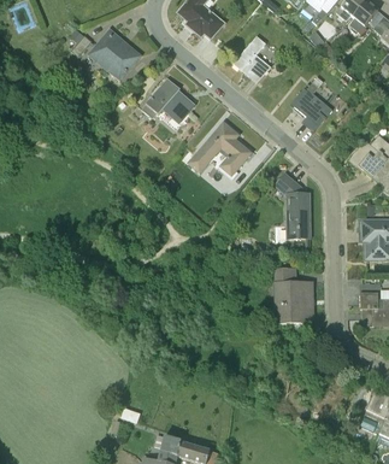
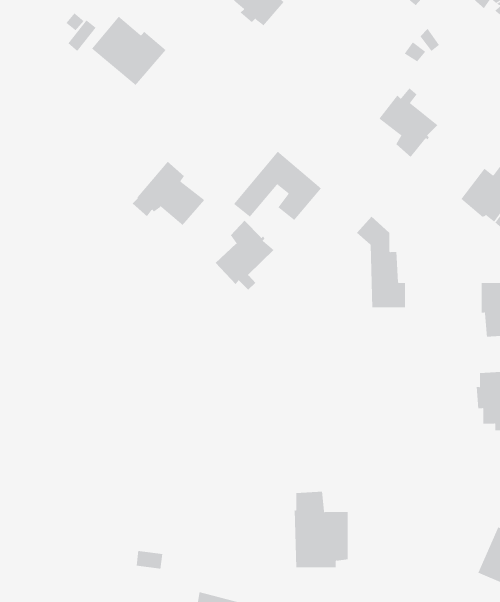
building: [231,34,271,82] -> none
building: [142,76,194,122] -> [132,161,205,226]
building: none -> [215,220,275,291]
building: [273,266,312,321] -> [294,491,349,568]

